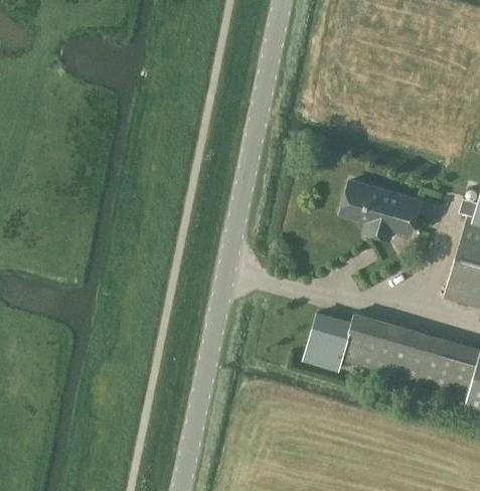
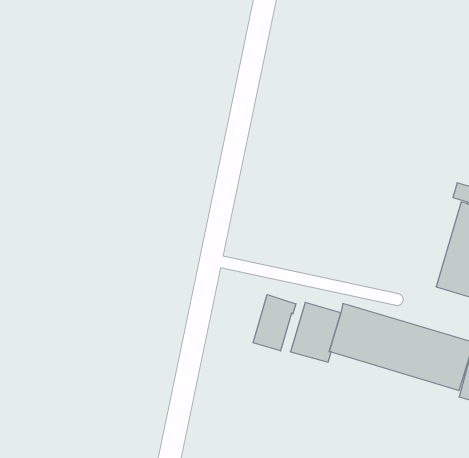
building: [341,180,420,238] -> none
building: none -> [253,295,296,351]

